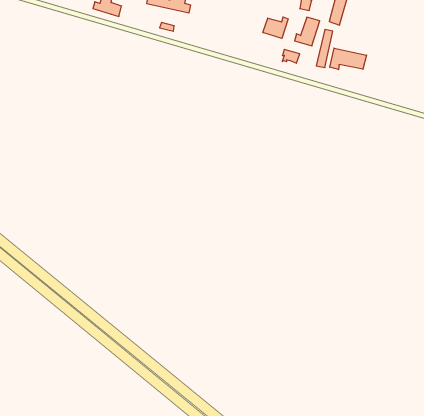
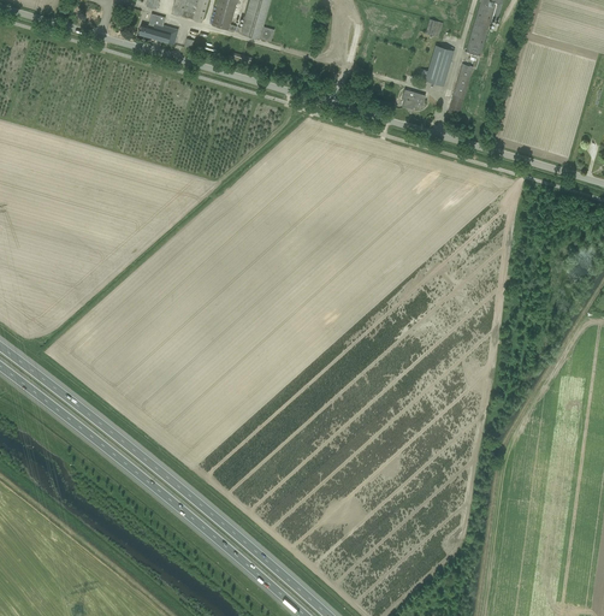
building: [263,17,288,38] -> none
building: [330,48,367,70] -> none

